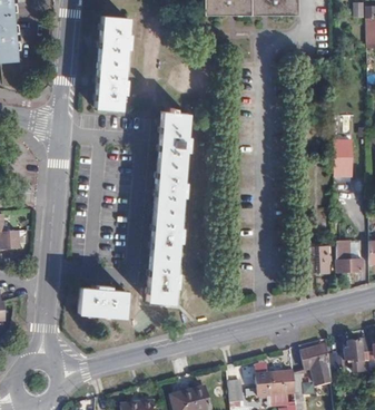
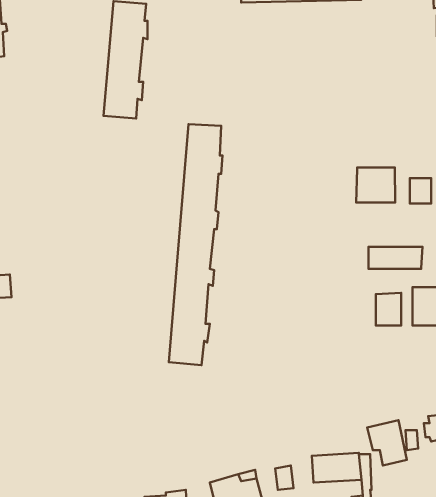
building: none -> [356,167,395,202]
building: none -> [368,247,423,269]
building: [79,283,126,313] -> none

